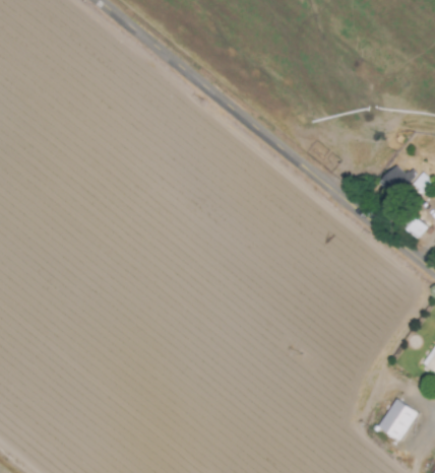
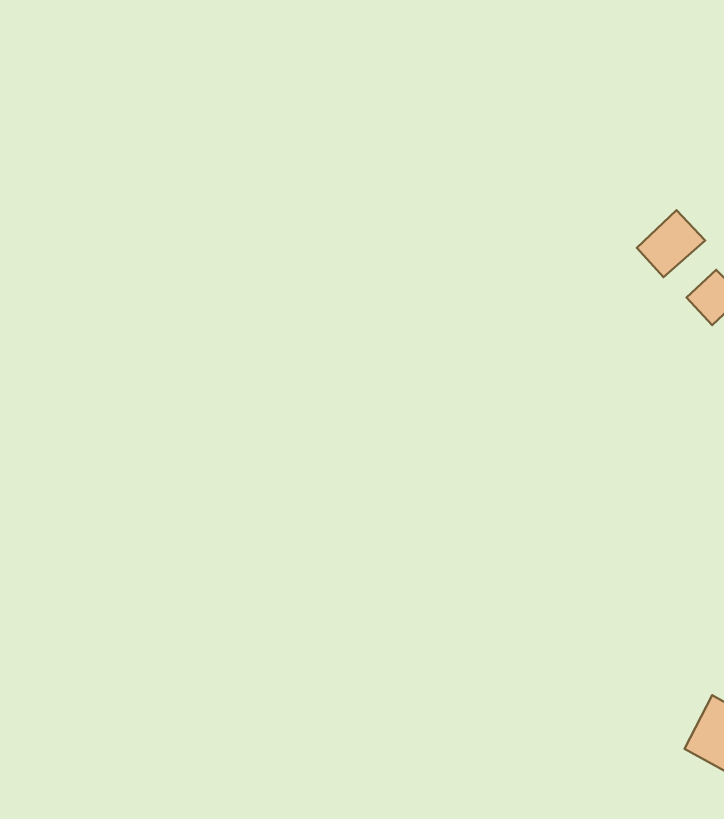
building: none -> [637,210,705,277]

